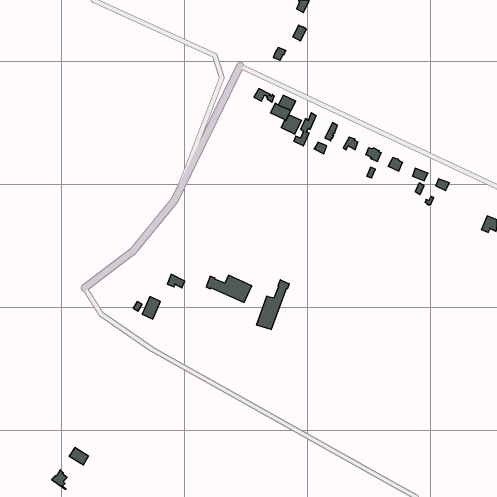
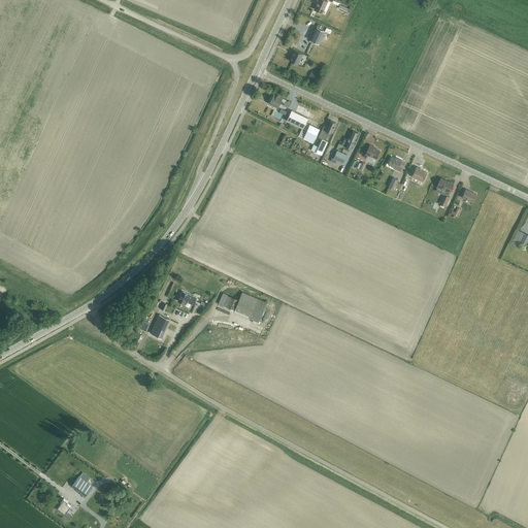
building: [256,280,289,330] -> none

